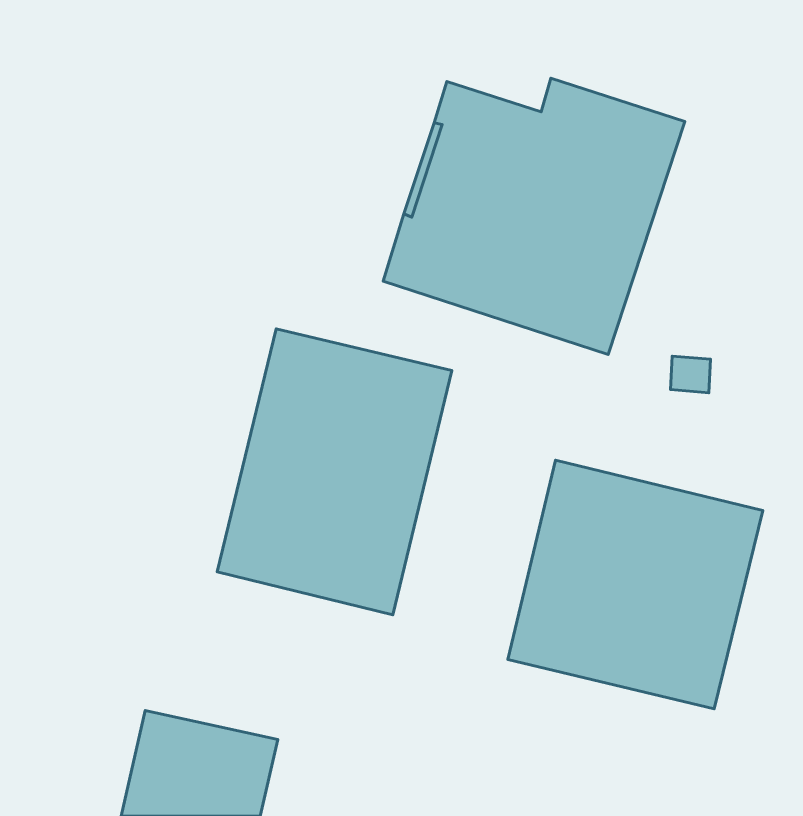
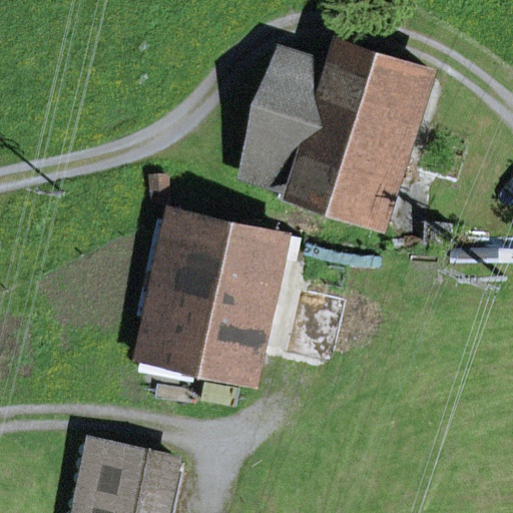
building: [508,460,763,709] -> none

